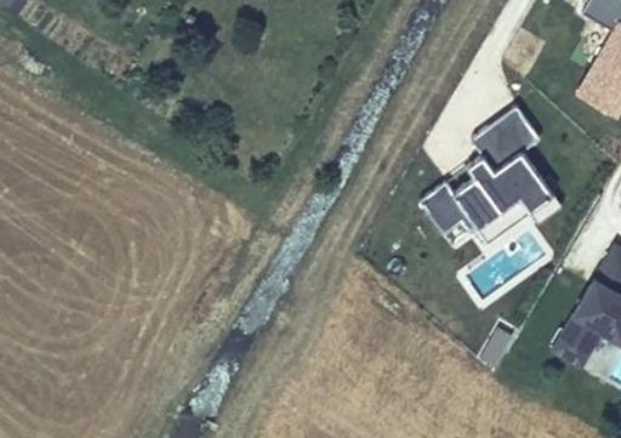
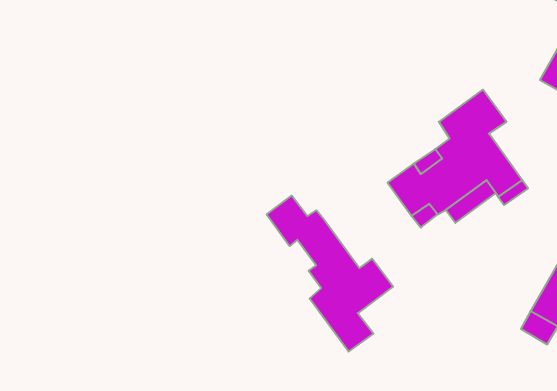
building: none -> [267,196,393,352]

